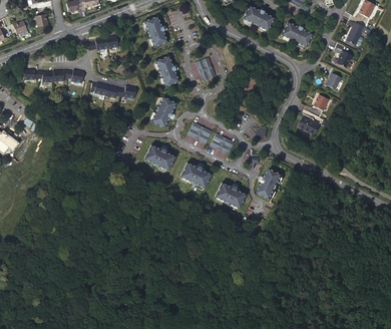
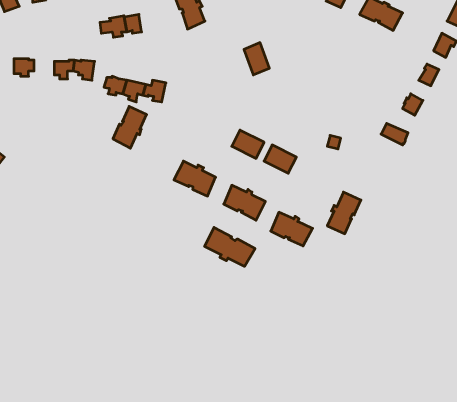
building: [153,54,177,85] -> none
building: [150,96,175,127] -> [113,106,147,148]
building: none -> [205,227,255,266]

